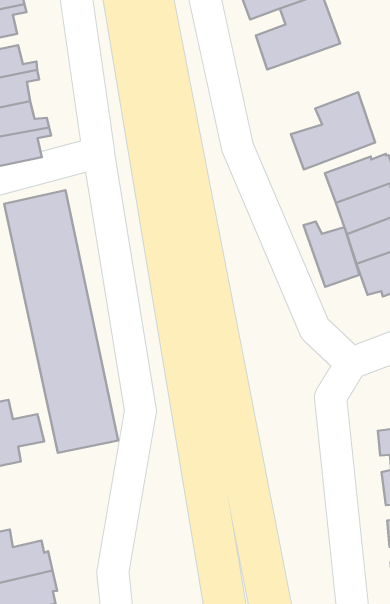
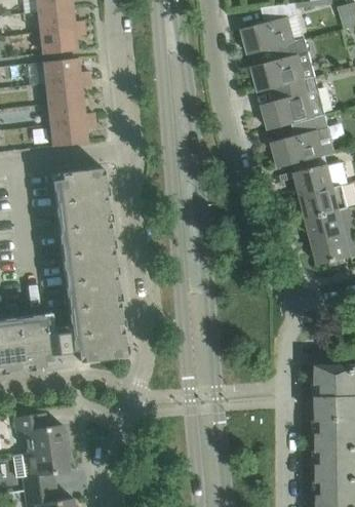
building: none -> [261,78,323,130]
building: [304,222,359,287] -> none

